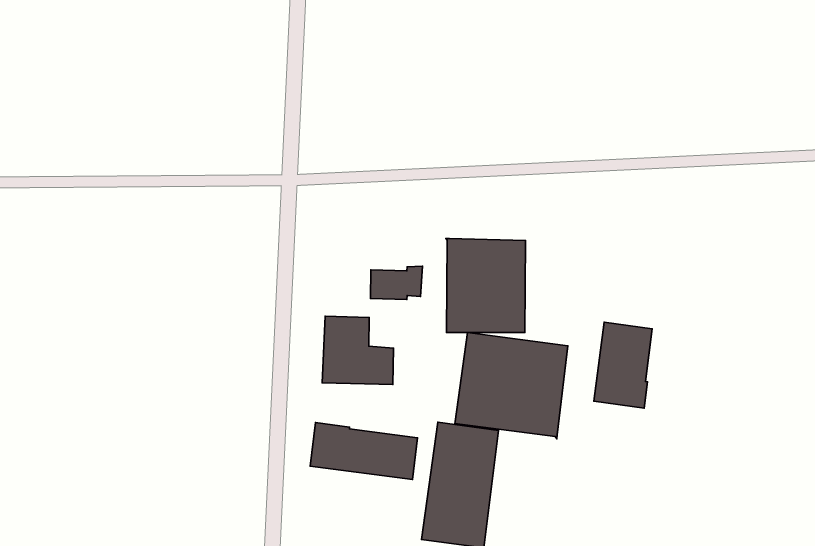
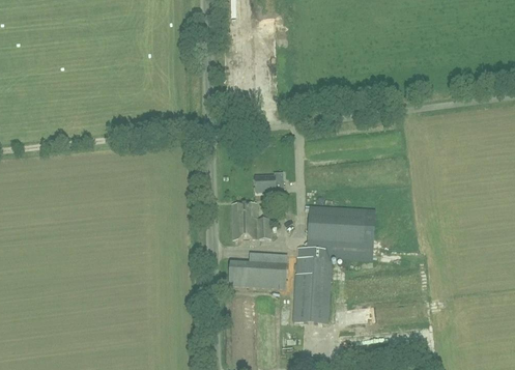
building: [446,238,525,333] -> none
building: [594,322,652,408] -> none

